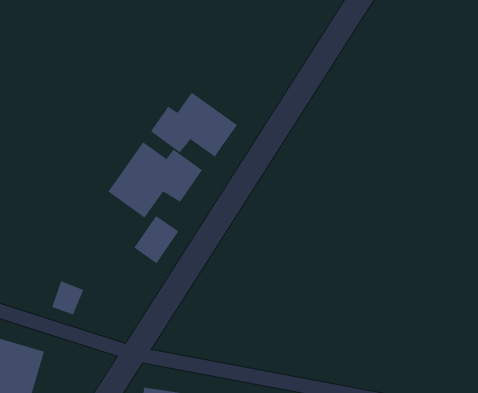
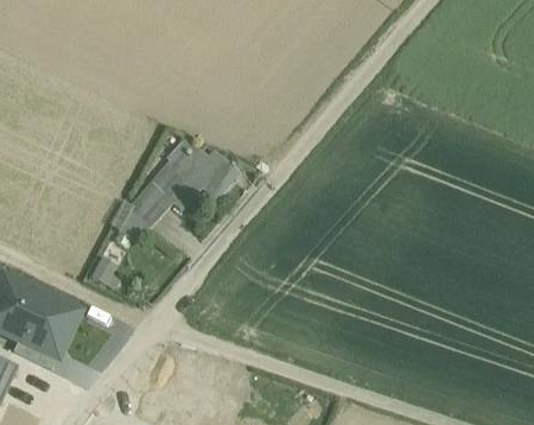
building: [150,92,238,158] -> none
building: [133,215,179,264] -> [133,182,173,223]

